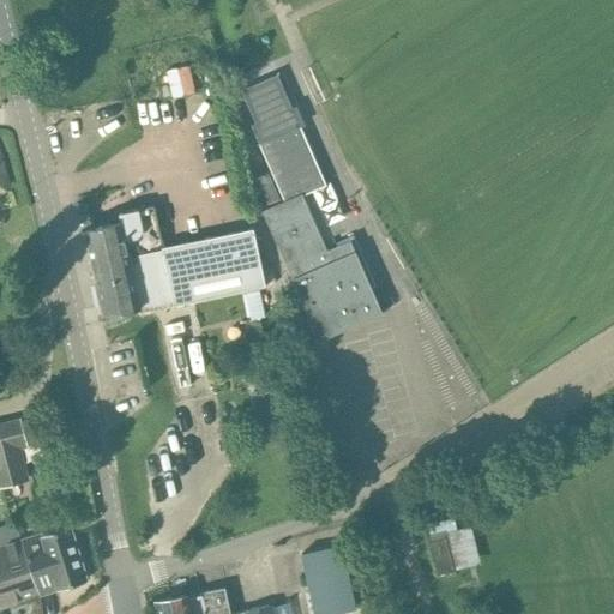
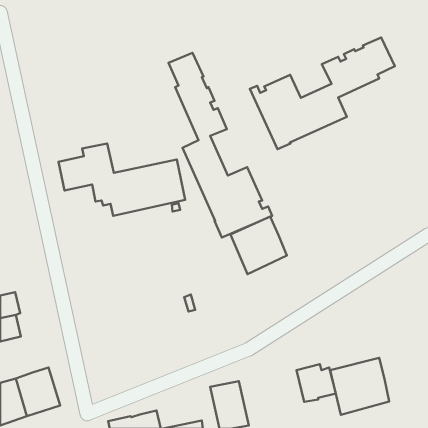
building: none -> [250,37,395,149]
building: [92,265,162,317] -> none
building: none -> [230,217,287,274]
building: none -> [330,358,389,415]

